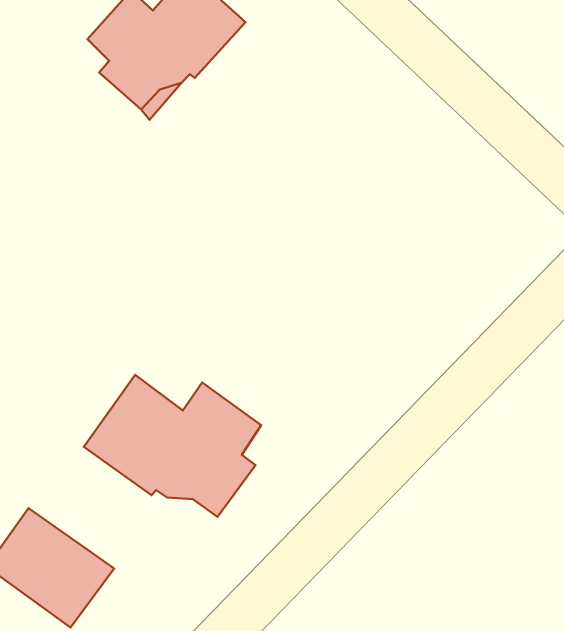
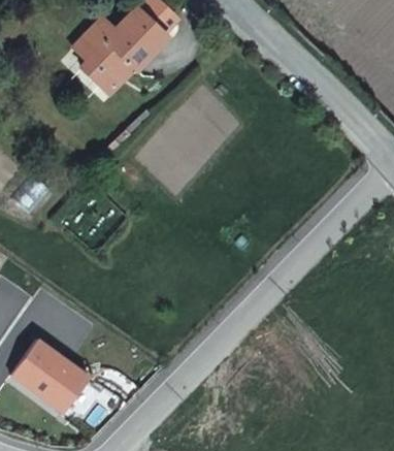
building: [84,375,261,517] -> none

